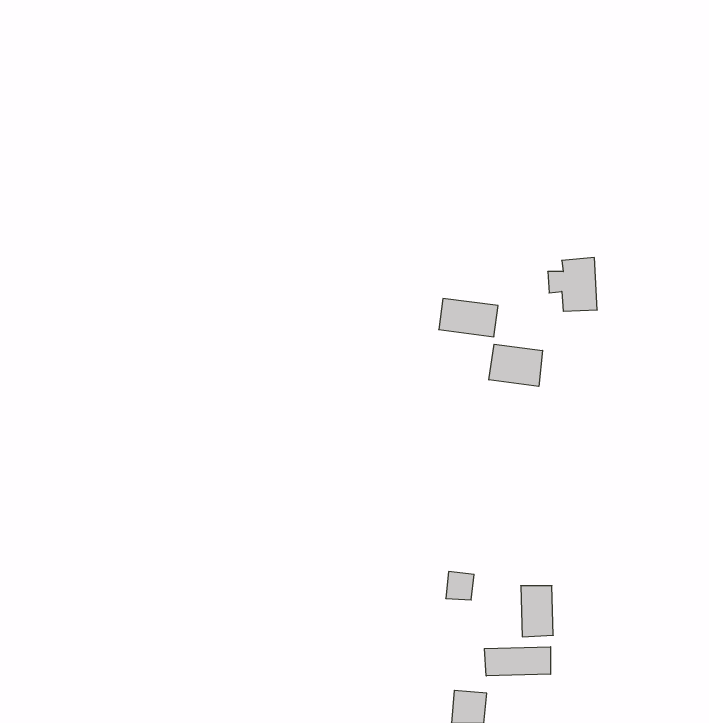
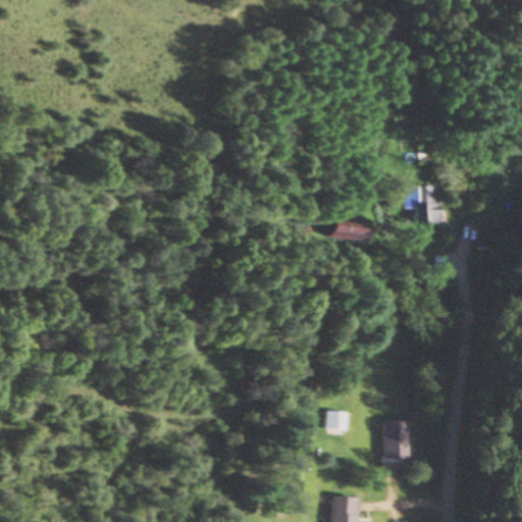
building: [489,344,543,386] -> none
building: [484,647,551,676] -> none

